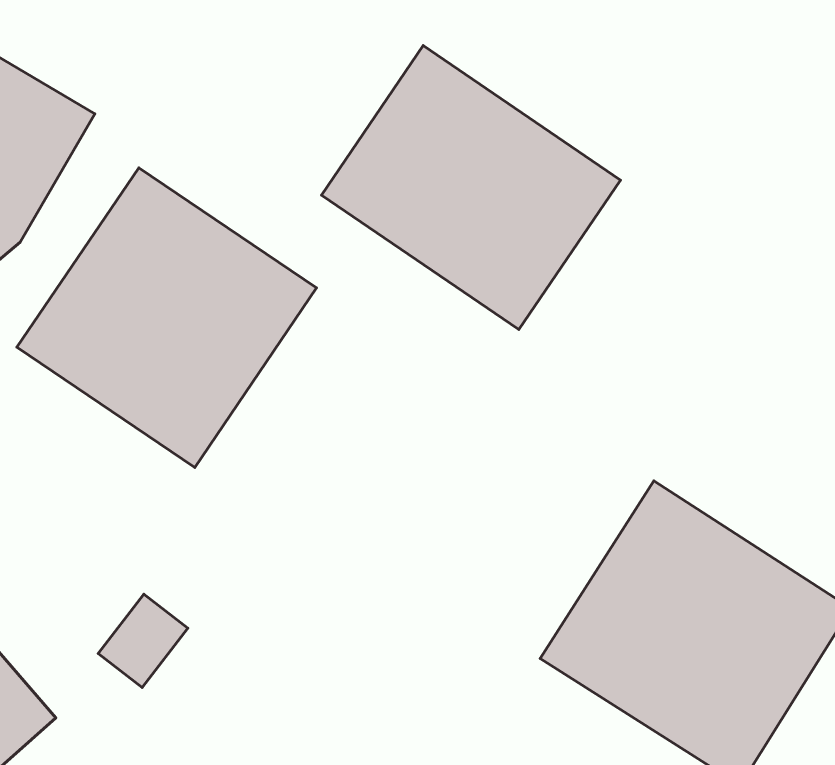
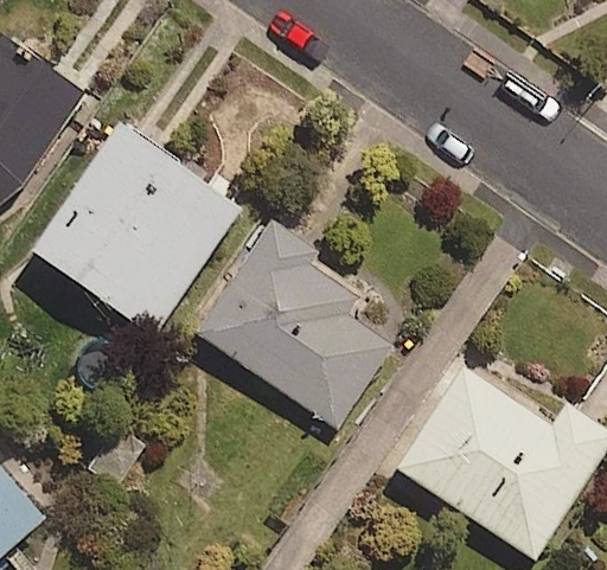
building: [321,45,621,330] -> none
building: none -> [194,218,390,428]

